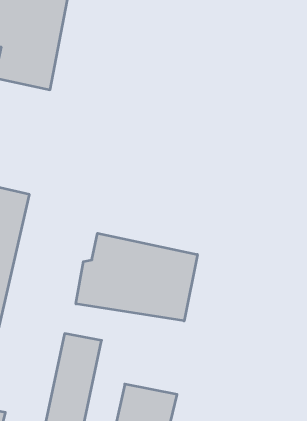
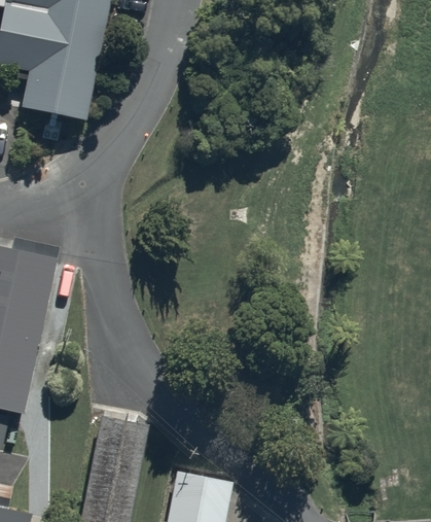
building: [76,233,197,321] -> none

